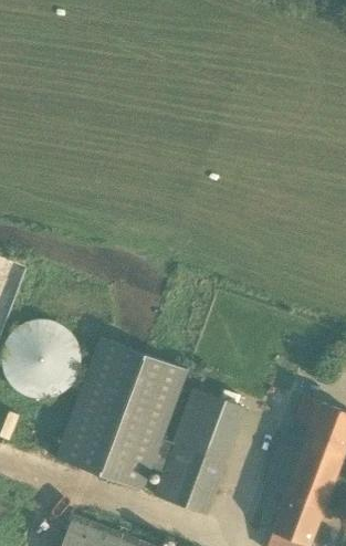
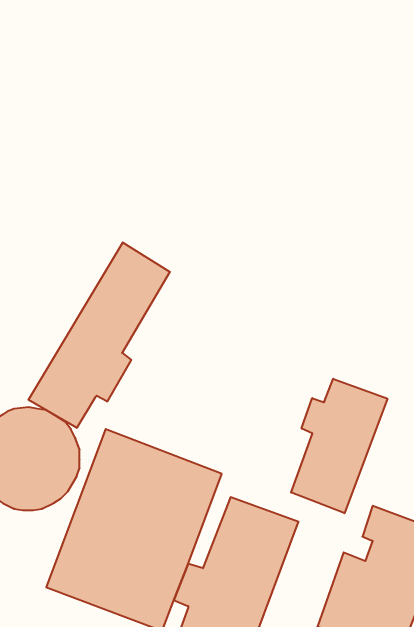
building: none -> [28,242,170,428]
building: none -> [291,379,387,513]

